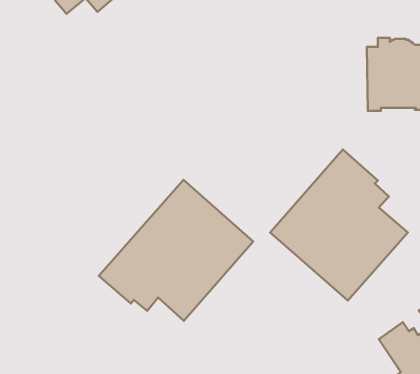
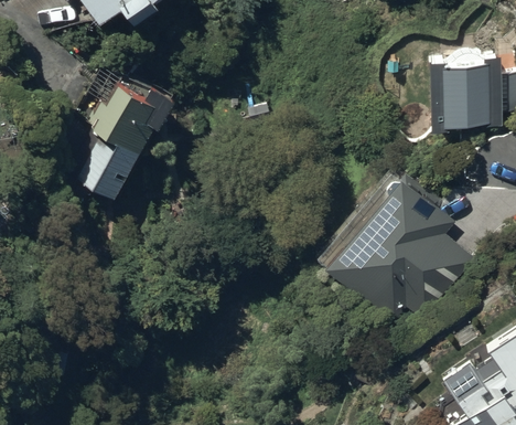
building: none -> [66,81,172,203]
building: [99,180,253,321] -> none

